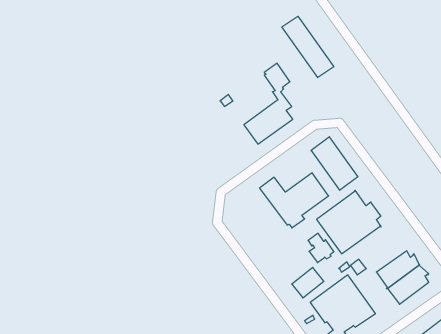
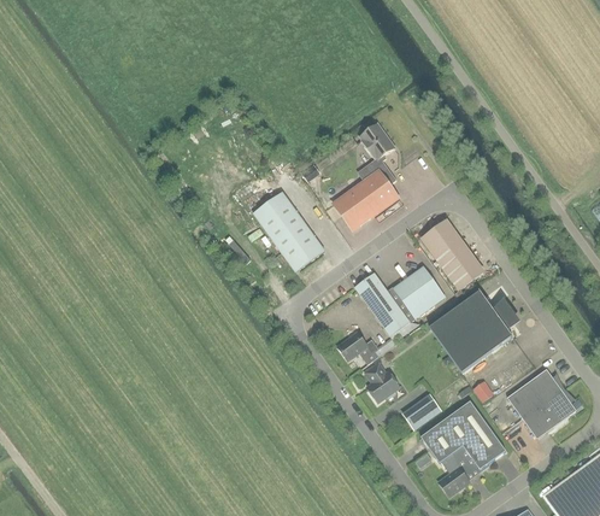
building: [282,16,334,78] -> none
building: none -> [253,192,324,271]
building: none -> [337,332,378,360]
building: [308,233,334,263] -> [365,363,399,401]

